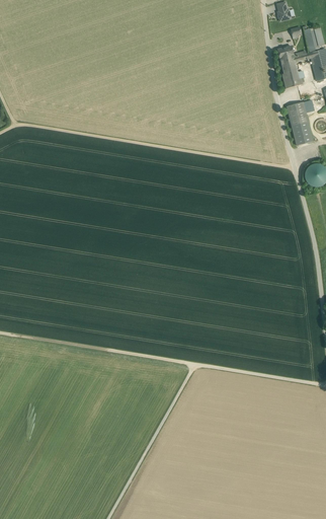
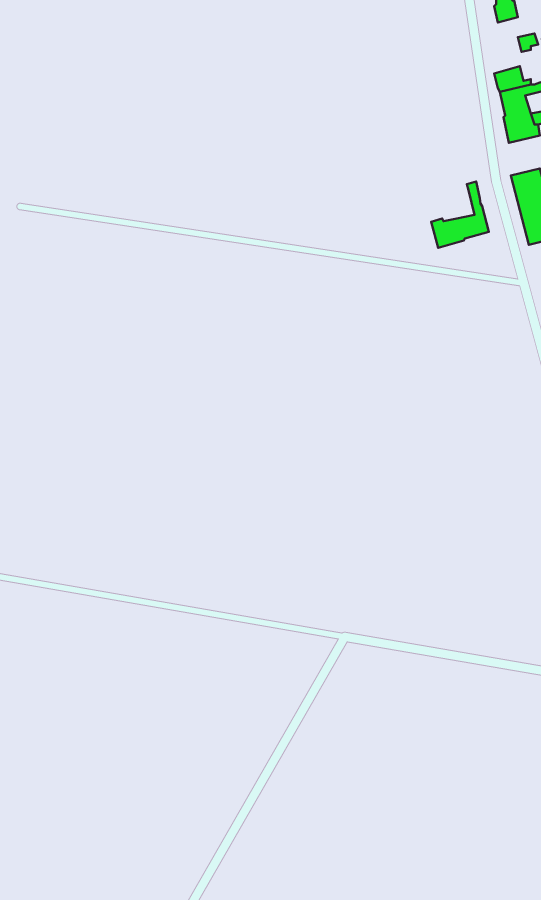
building: none -> [431,181,489,248]

